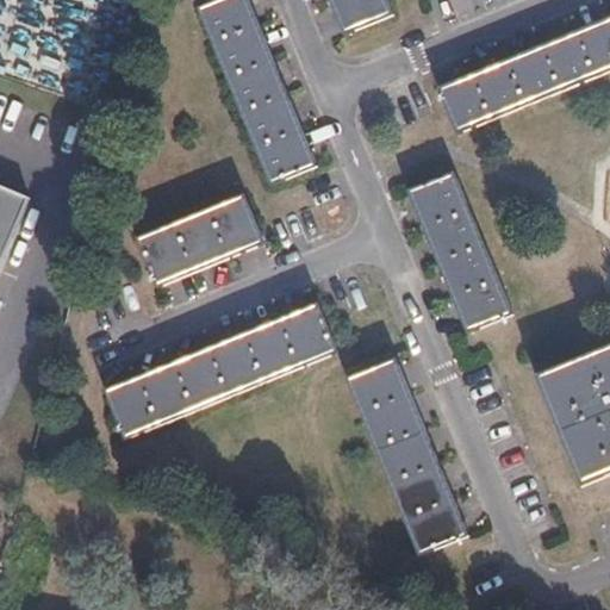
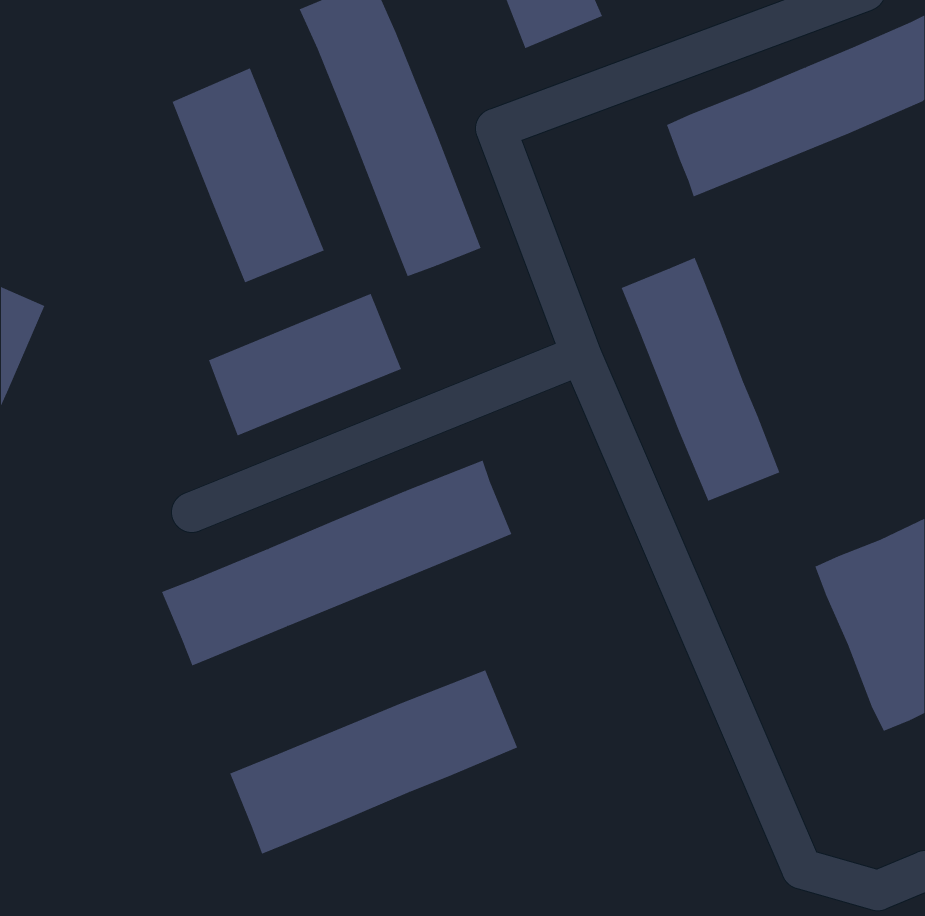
building: none -> [172,68,325,283]
building: [344,357,468,555] -> none
building: none -> [229,669,518,855]

